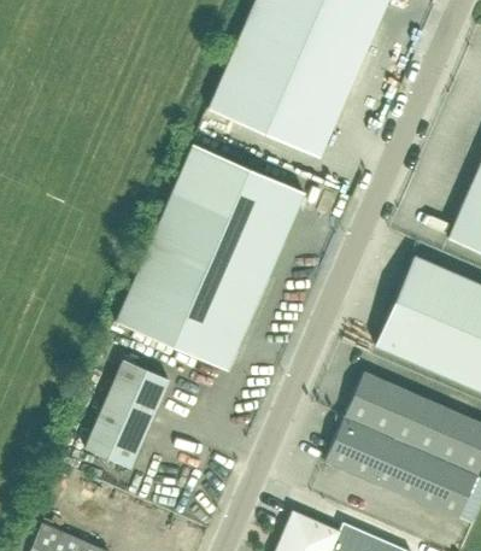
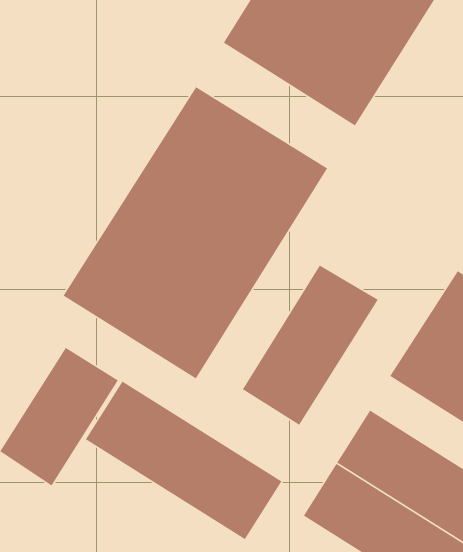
building: none -> [242,264,379,426]
building: none -> [85,380,282,540]

